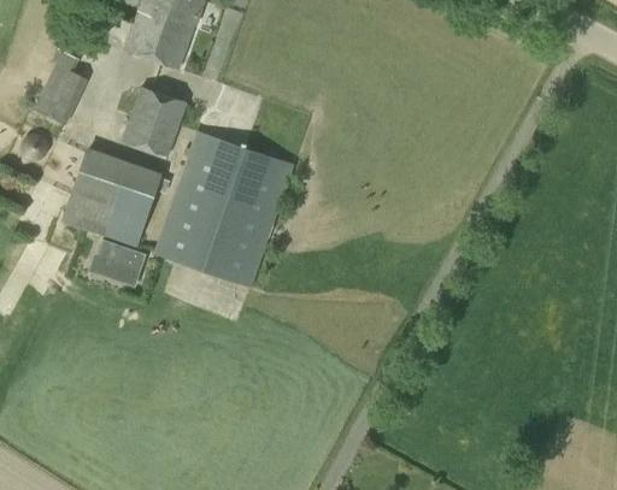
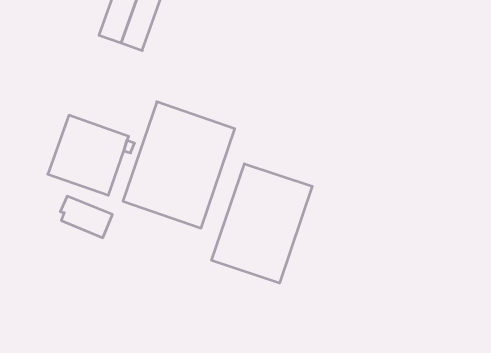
building: [35,48,88,124] -> none
building: [118,85,188,157] -> none
building: none -> [212,164,312,283]

